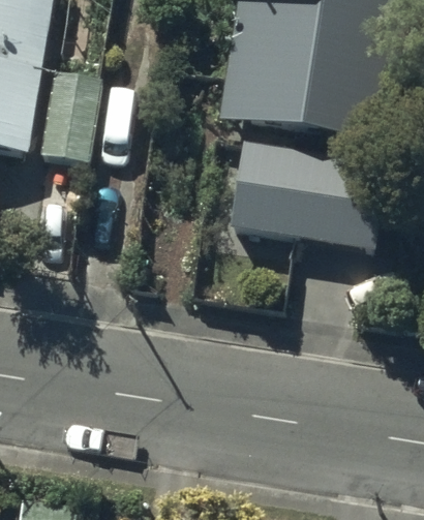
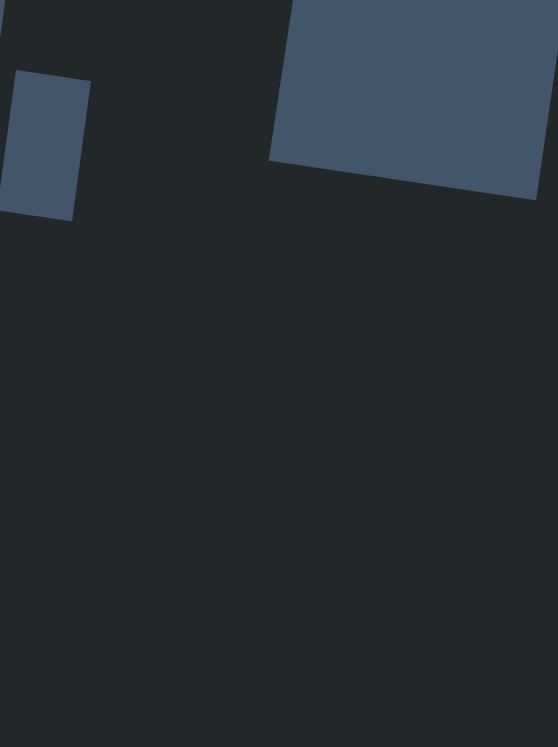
building: [230,135,389,250] -> none

